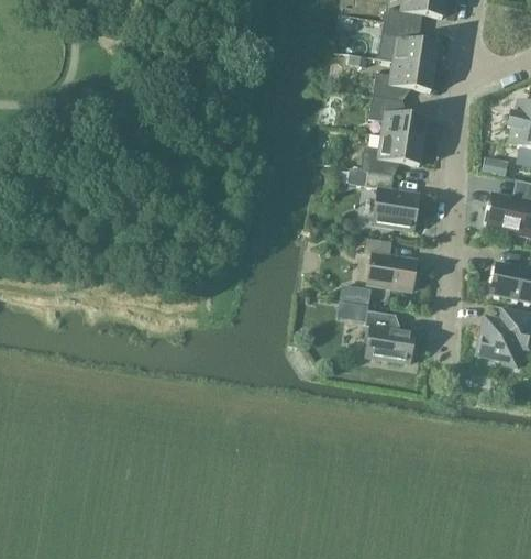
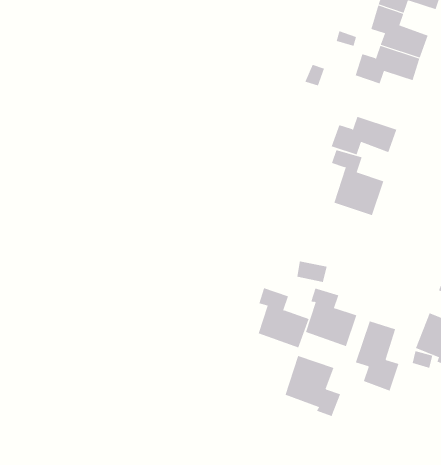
building: [368,95,427,141] -> none
building: [364,237,417,291] -> [258,288,309,348]
building: none -> [355,321,399,391]
building: none -> [285,355,341,417]

